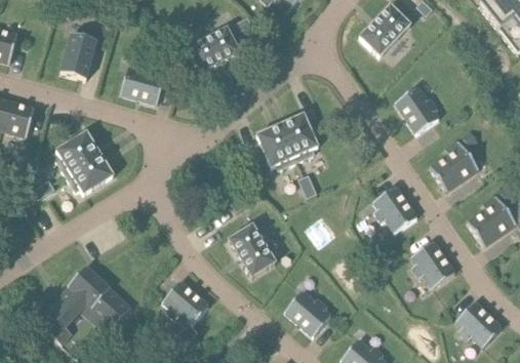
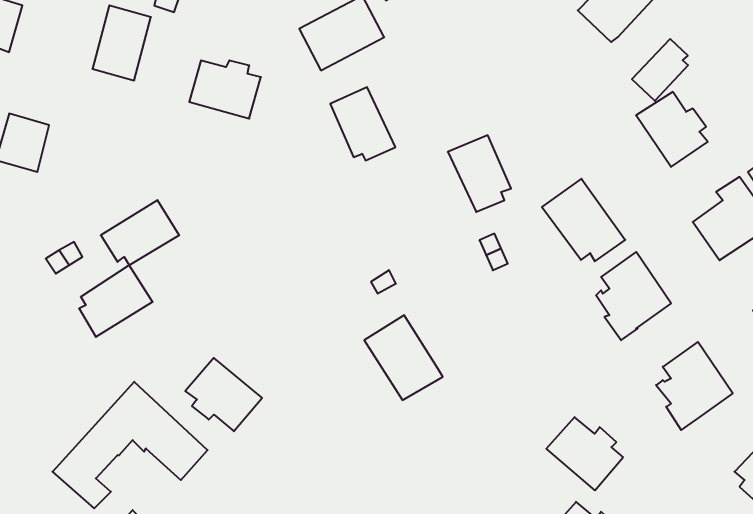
building: none -> [632,39,688,101]
building: [256,123,296,168] -> [330,87,395,160]
building: [55,130,101,174] -> [79,265,153,337]
building: none -> [542,179,625,261]
building: [162,280,209,325] -> [185,358,262,431]
building: [284,290,331,335] -> [546,417,623,490]

